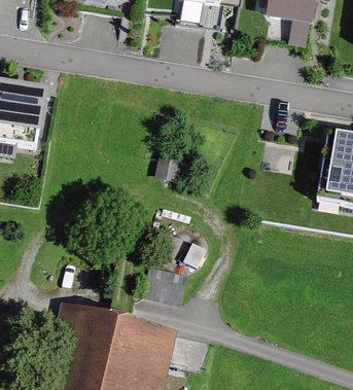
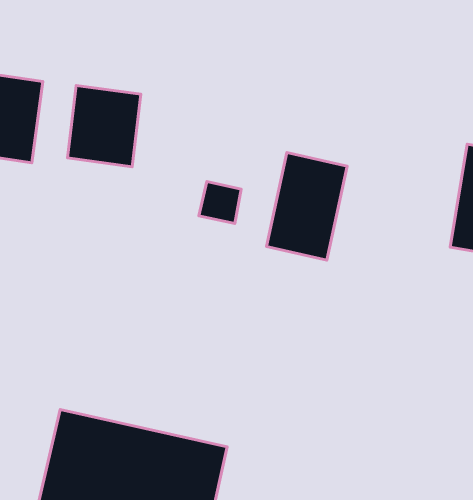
building: none -> [67,85,141,167]
building: none -> [266,152,347,260]

